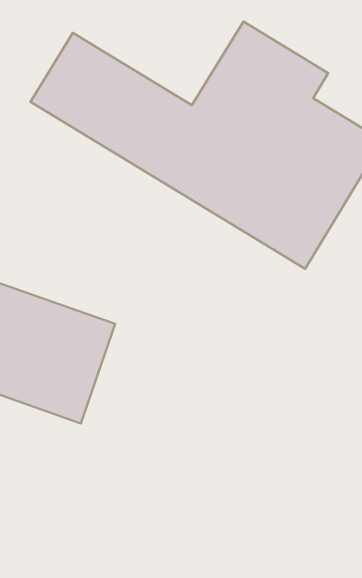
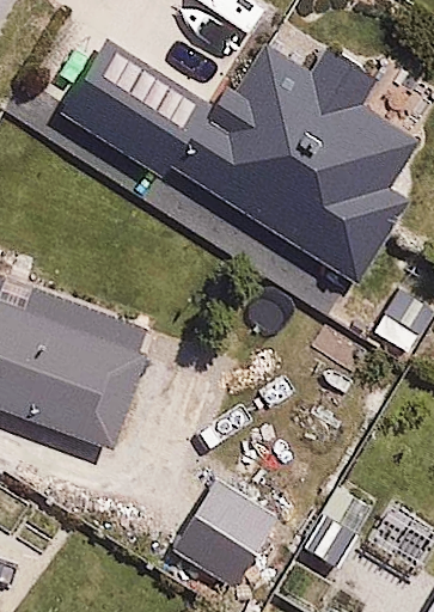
building: none -> [173,481,279,588]

